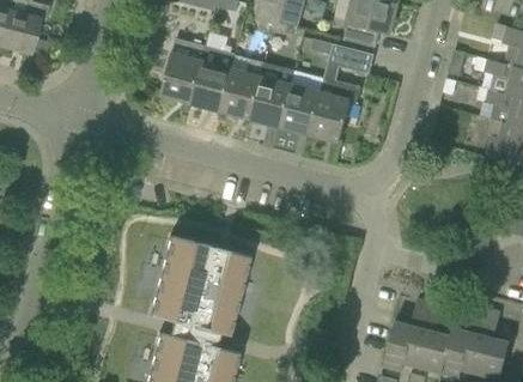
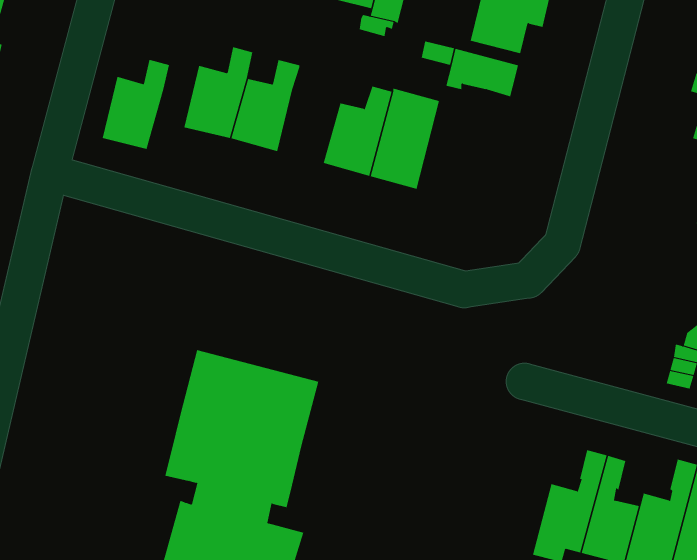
building: [220,60,263,117] -> [102,59,170,150]
building: [309,68,360,141] -> none

